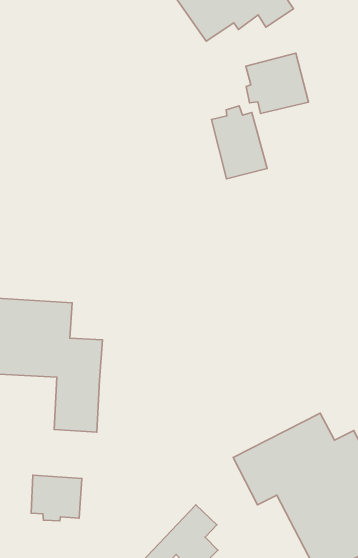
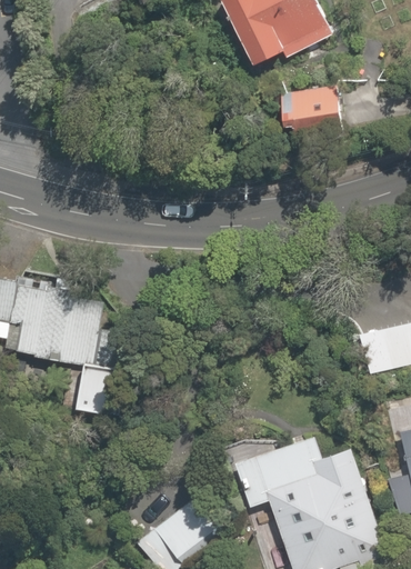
building: [212,106,267,179] -> none
building: [31,475,82,521] -> none

